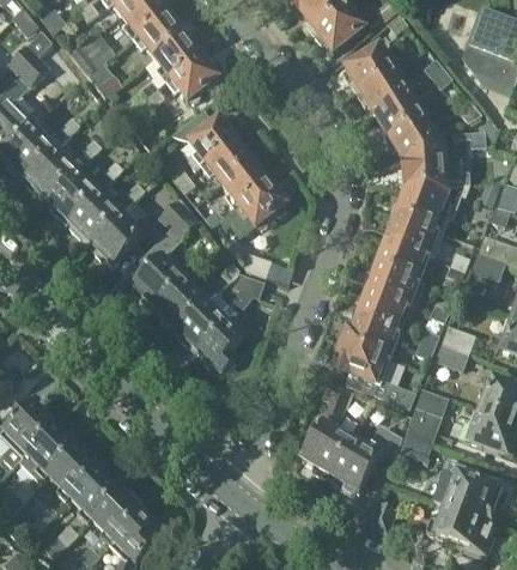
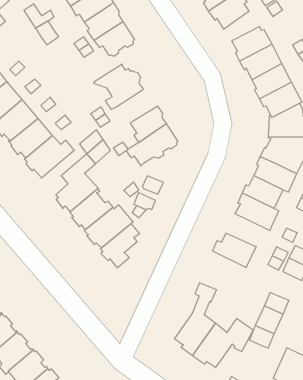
building: [201,139,255,184] -> none
building: [357,289,407,331] -> none
building: [336,340,414,407] -> none

